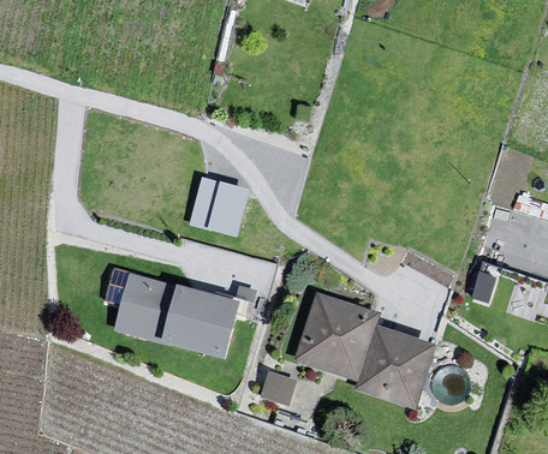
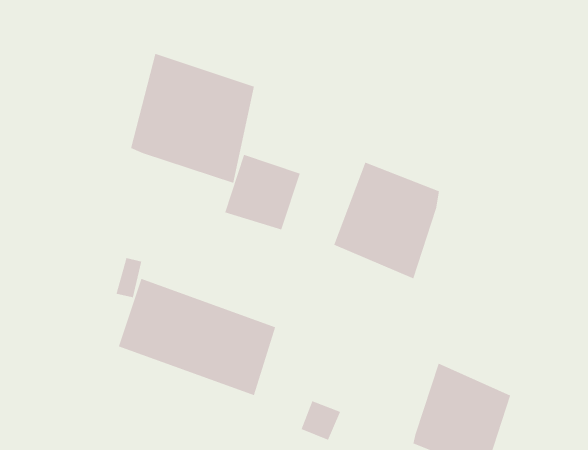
building: none -> [130,53,255,184]
building: [292,291,374,382] -> [333,161,440,280]

